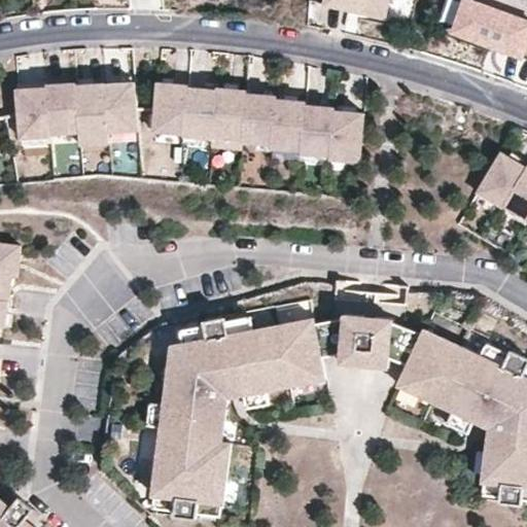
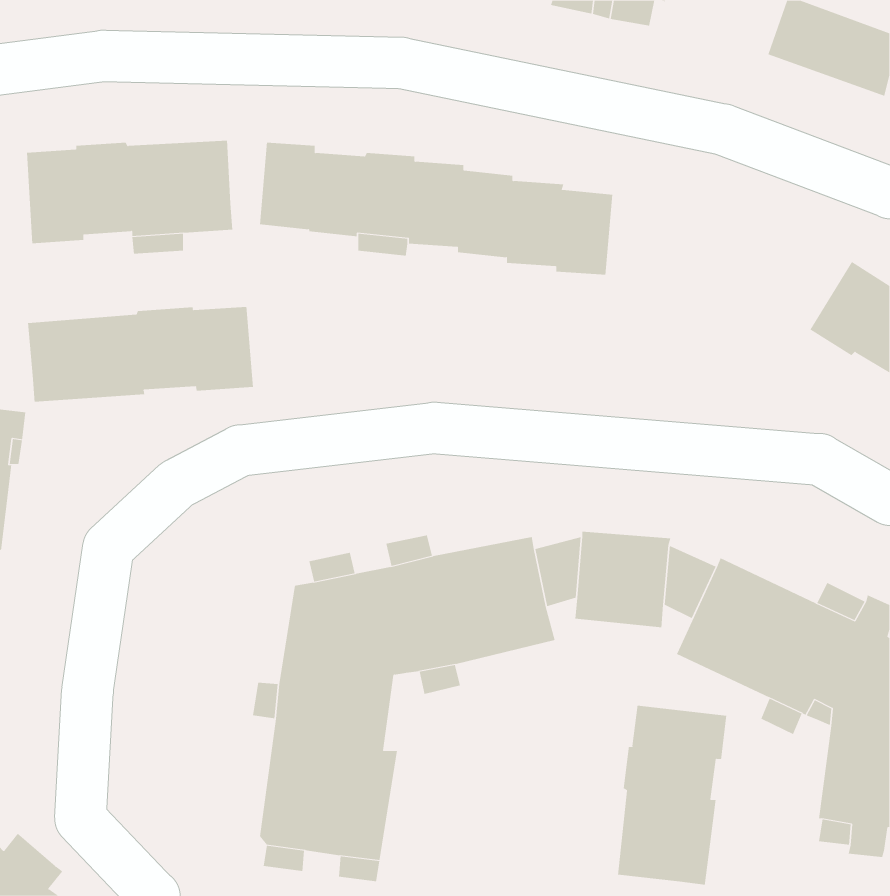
building: none -> [28,306,254,403]
building: none -> [617,705,727,885]

